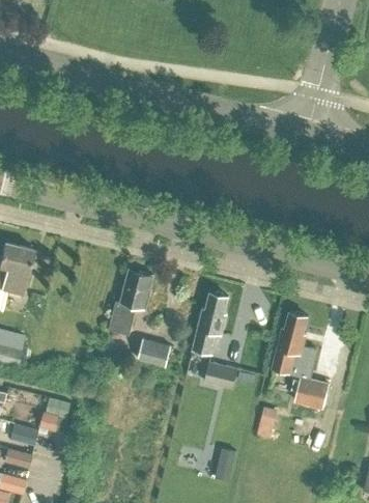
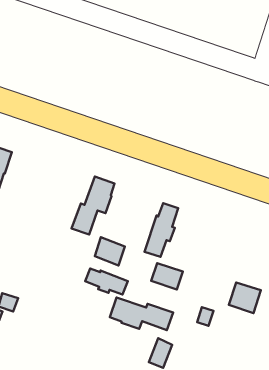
building: [272,312,307,373] -> none
building: none -> [85,268,128,294]
building: none -> [110,297,173,330]

